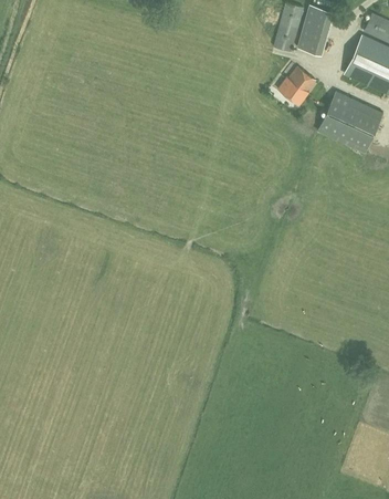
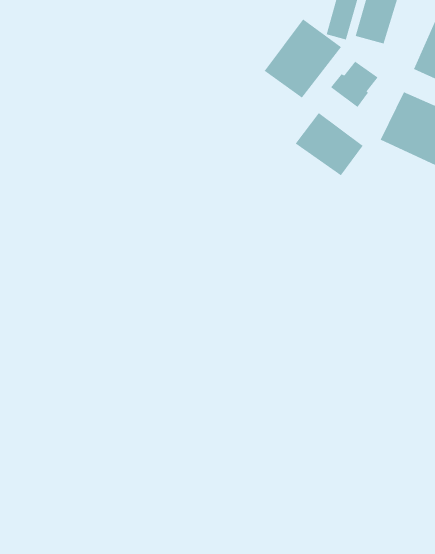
building: none -> [264,18,342,98]
building: none -> [295,112,364,176]

